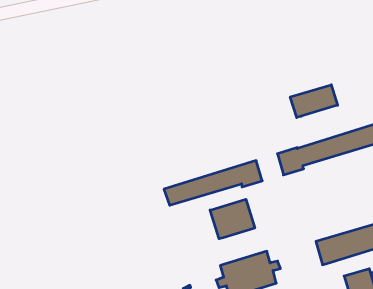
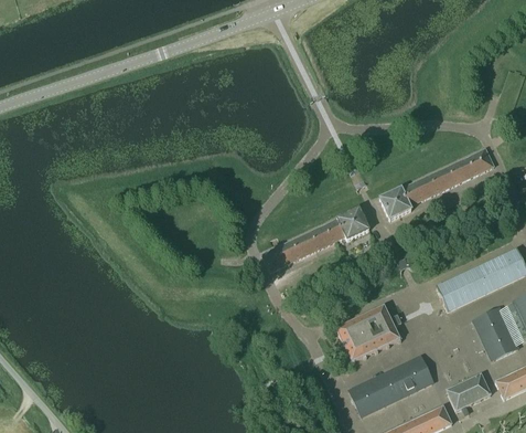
building: [290,85,338,118] -> none
building: [210,199,255,239] -> none

